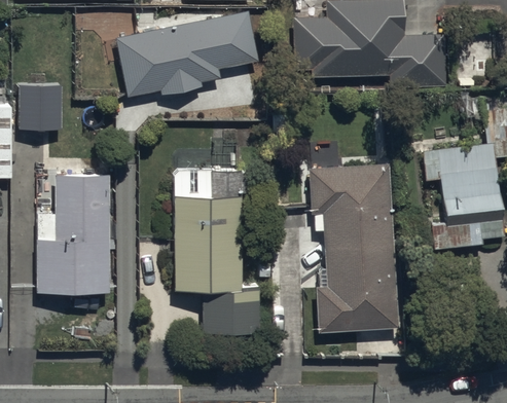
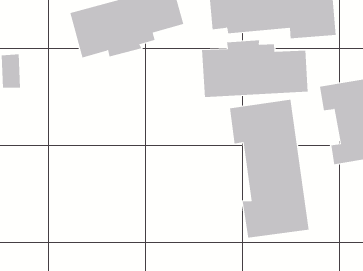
building: none -> [201,40,308,98]
building: [172,169,260,333] -> none
building: [39,174,113,292] -> none

